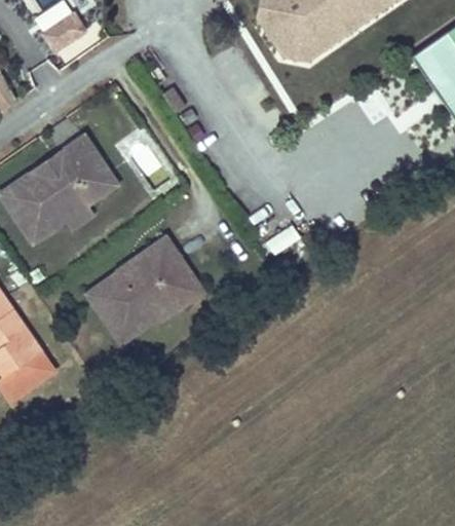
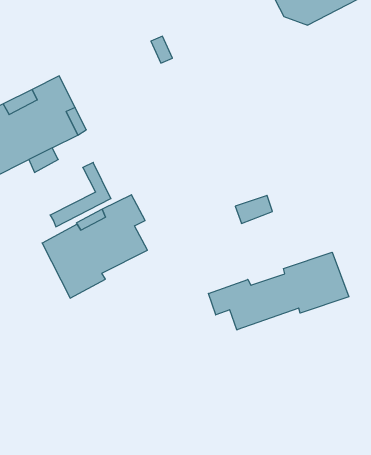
building: [149,260,204,326] -> [50,162,111,227]
building: none -> [208,252,349,330]

